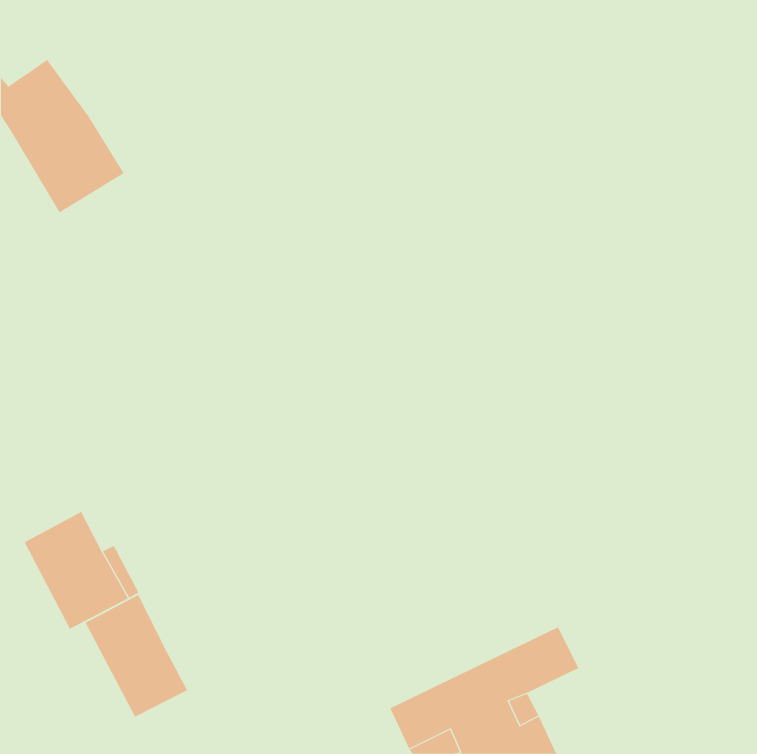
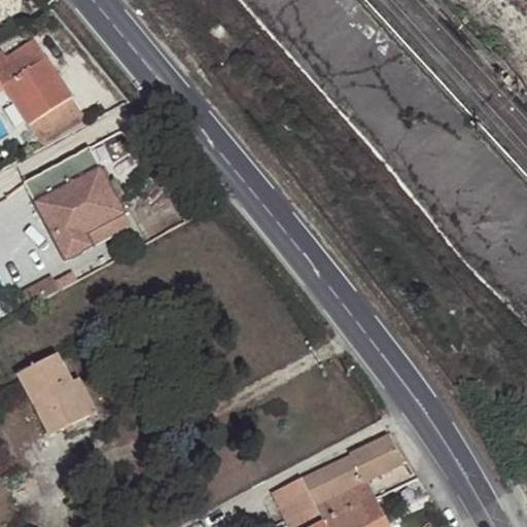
building: none -> [25,147,129,260]
building: [85,594,188,718] -> none

